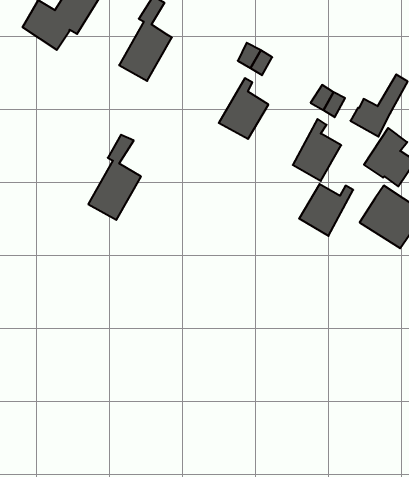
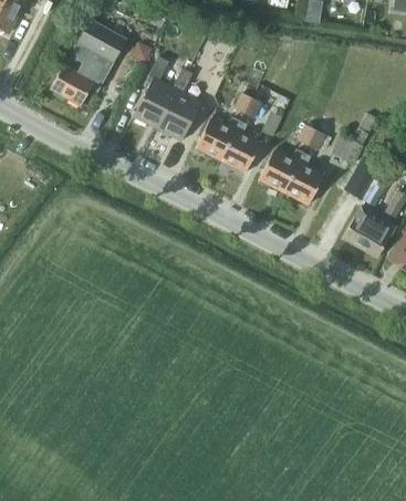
building: none -> [196,116,240,159]
building: [88,135,141,220] -> [158,67,201,139]
building: [299,184,353,236] -> [259,148,303,191]

